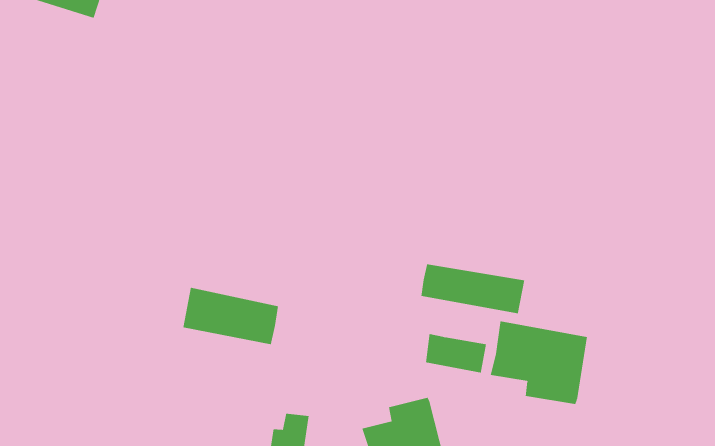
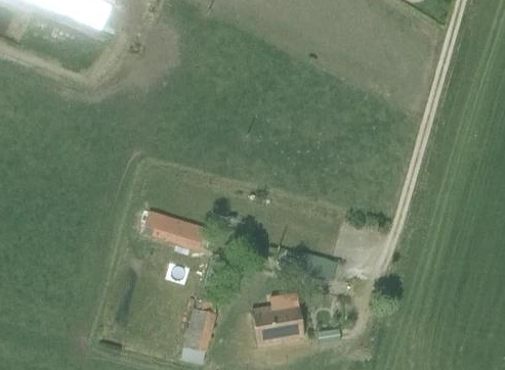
building: [421,263,525,314] -> none
building: [490,321,587,405] -> none

